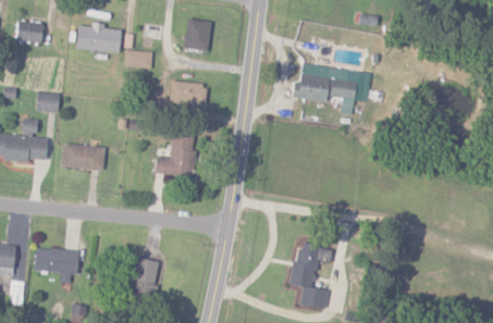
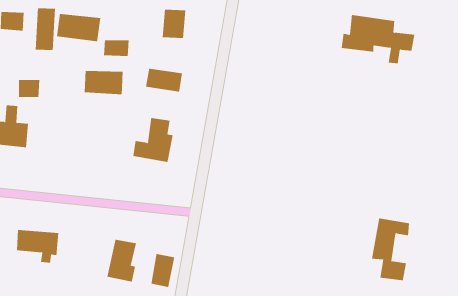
building: none -> [35,8,56,51]
building: [292,63,369,114] -> [341,14,415,64]
building: [63,145,104,170] -> [84,71,124,95]
building: [291,244,331,309] -> [371,218,410,281]
building: none -> [151,253,175,288]

